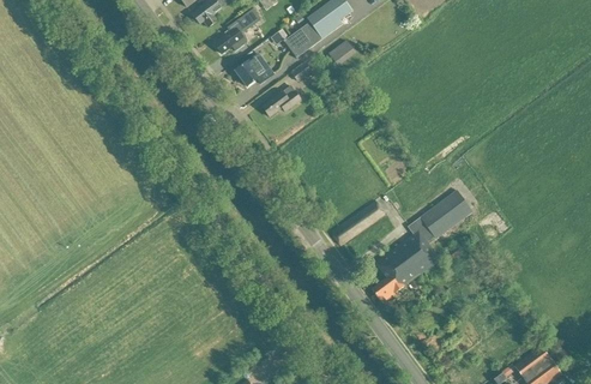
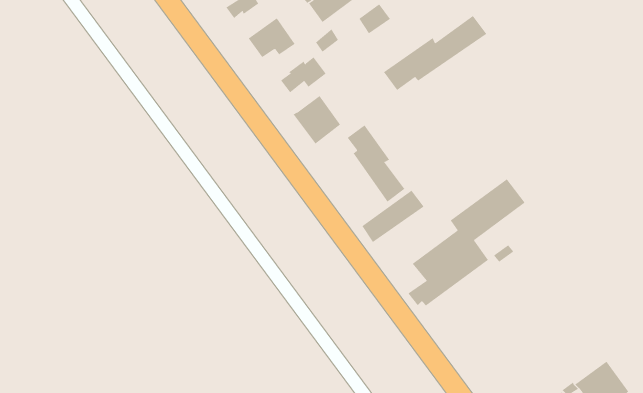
building: none -> [383,15,487,91]
building: none -> [293,95,341,144]
building: none -> [347,124,405,202]

